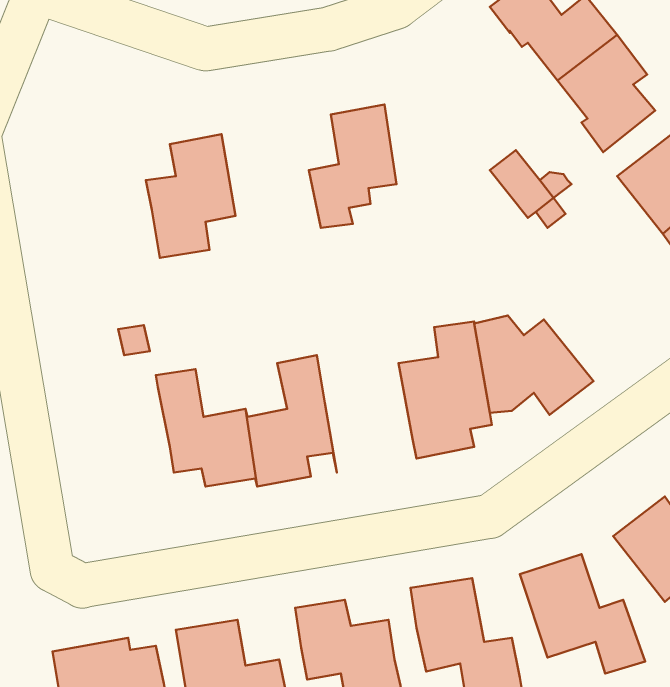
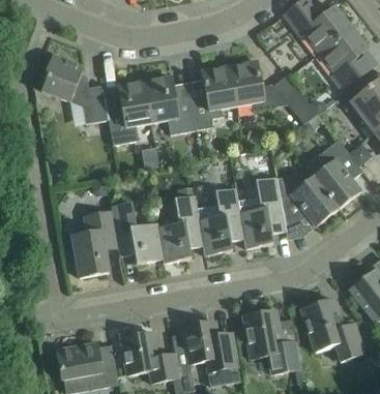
building: none -> [41,55,108,125]
building: none -> [229,60,274,110]
building: none -> [144,74,196,133]
building: none -> [312,139,361,208]
building: none -> [198,187,243,255]
building: none -> [71,211,117,276]

